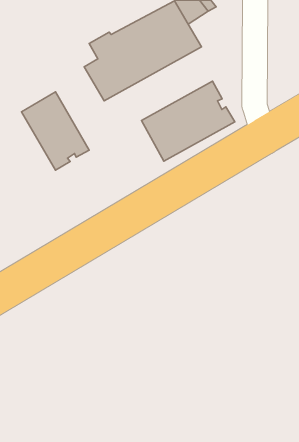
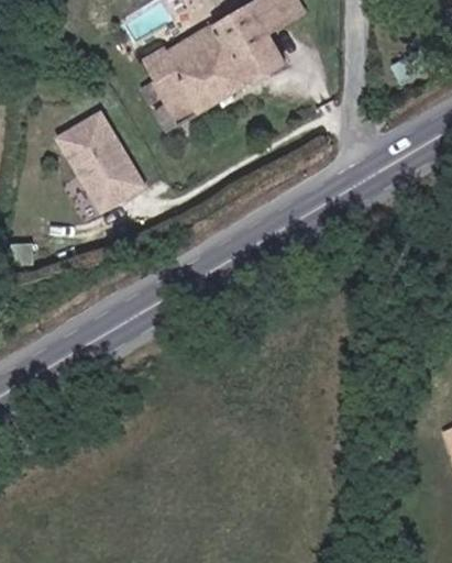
building: [142,81,235,161] -> none

